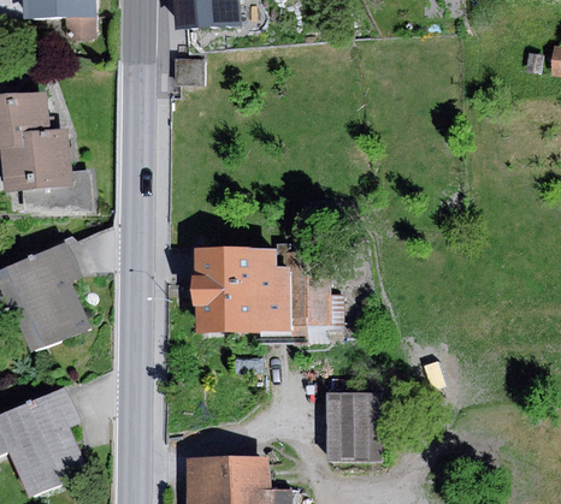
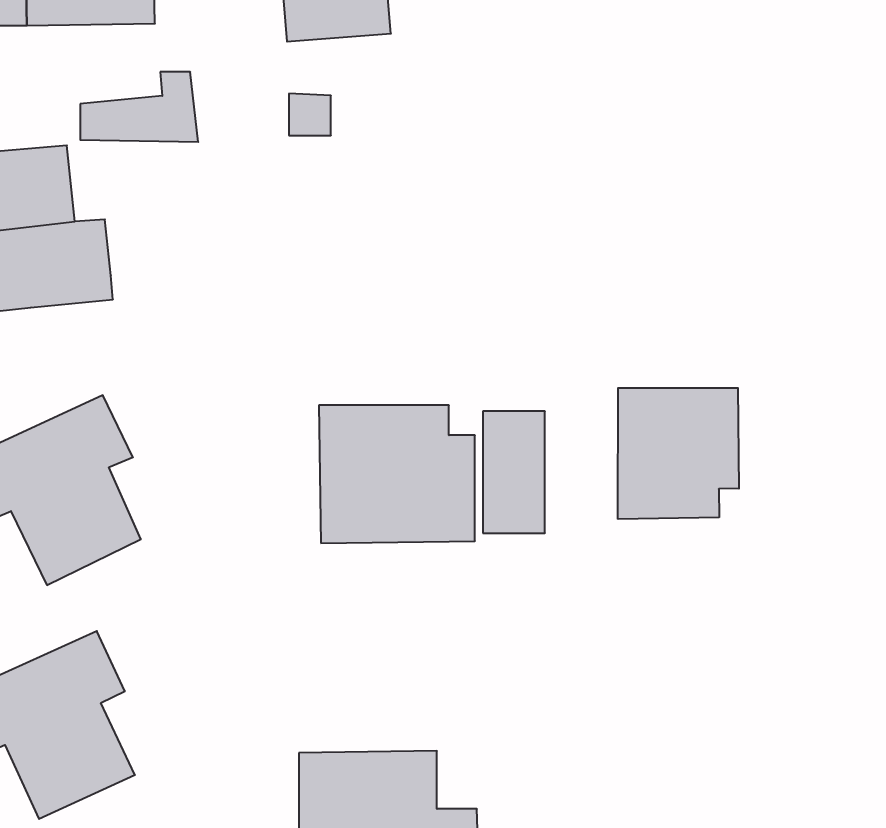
building: [22,170,93,212] -> [80,72,198,142]
building: none -> [618,388,739,519]
building: [327,392,380,461] -> none

